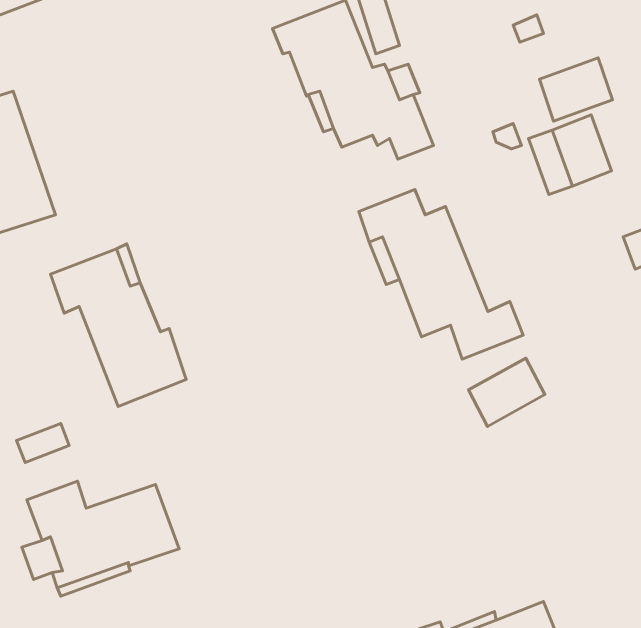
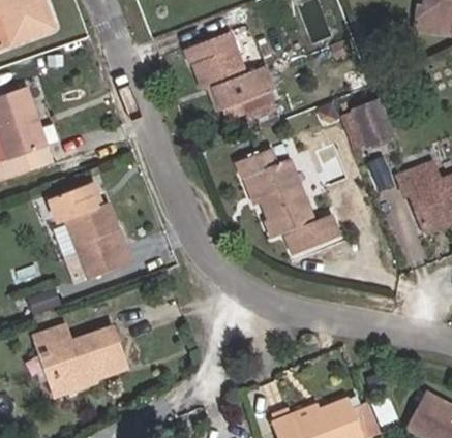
building: [539,58,612,121] -> none
building: [468,358,545,426] -> none

